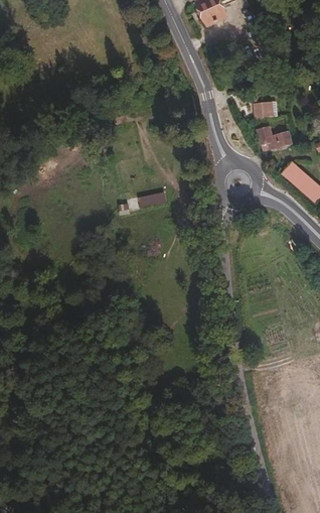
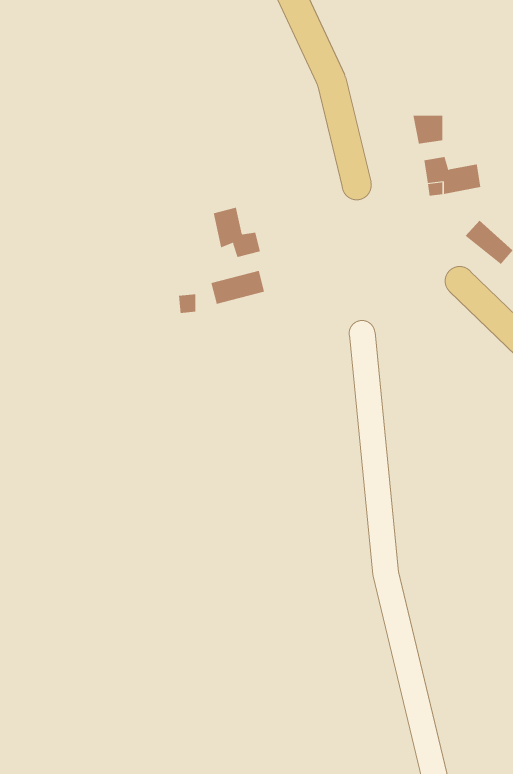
building: none -> [213,207,260,258]

